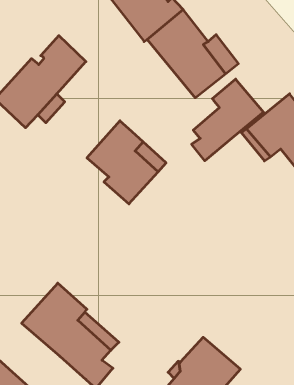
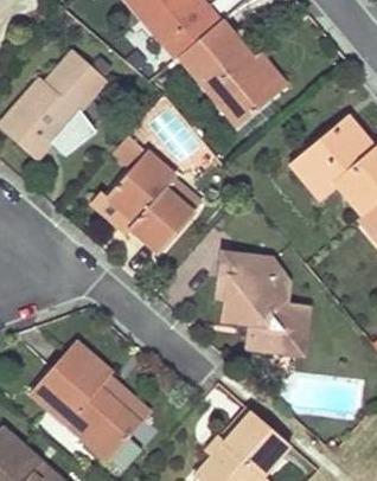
building: [192,79,264,161] -> none
building: none -> [217,251,306,355]

